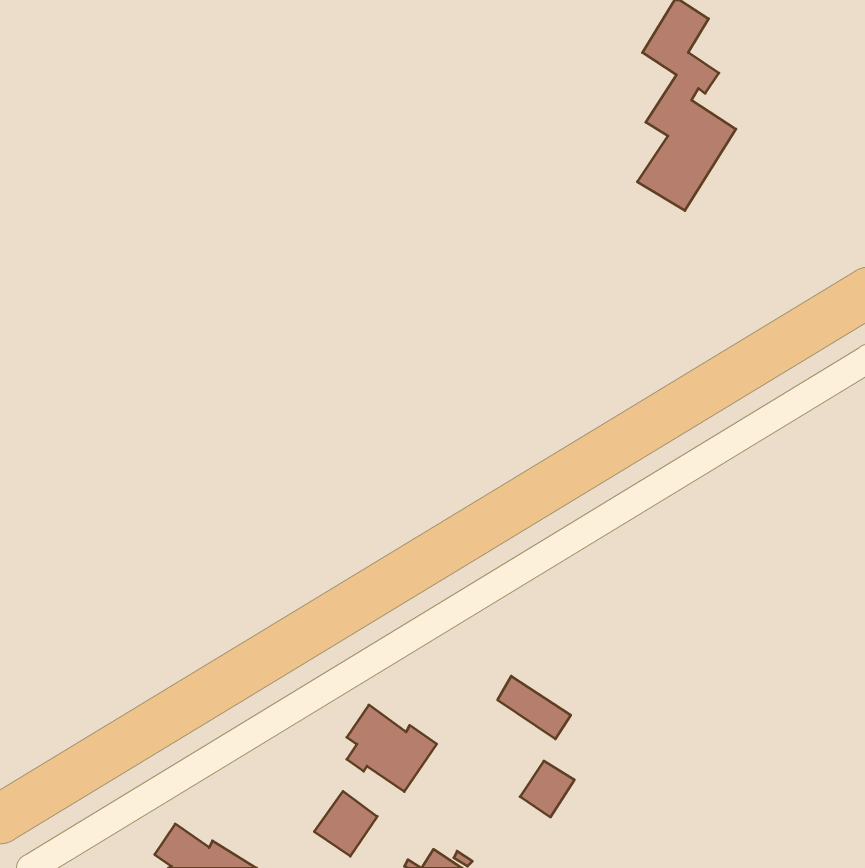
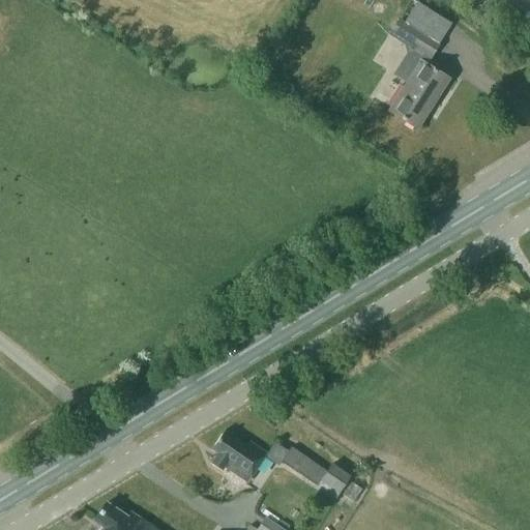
building: [498,676,571,739] -> [284,447,328,485]
building: [314,791,377,856] -> none

